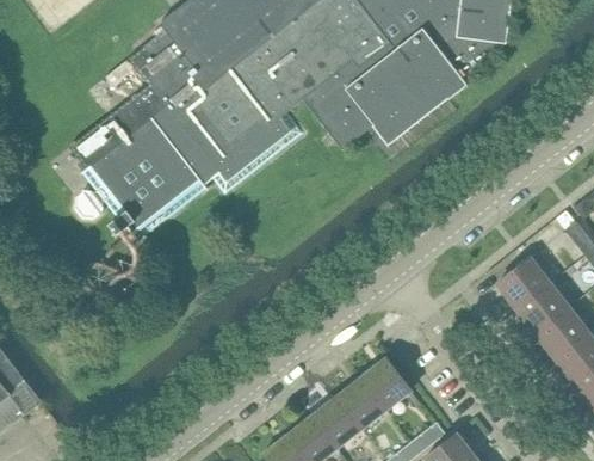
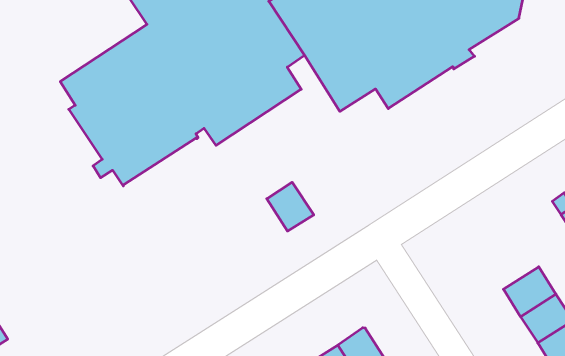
building: none -> [267,182,314,231]
building: [497,257,549,307] -> none

